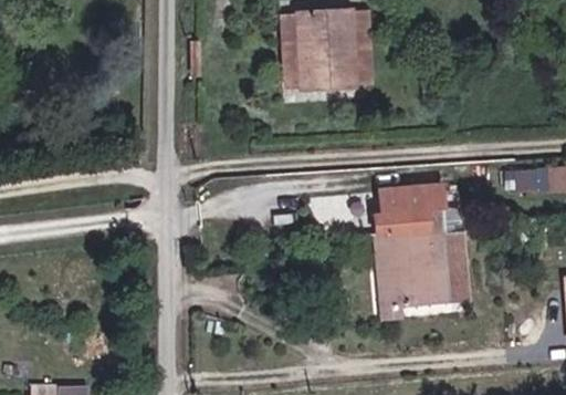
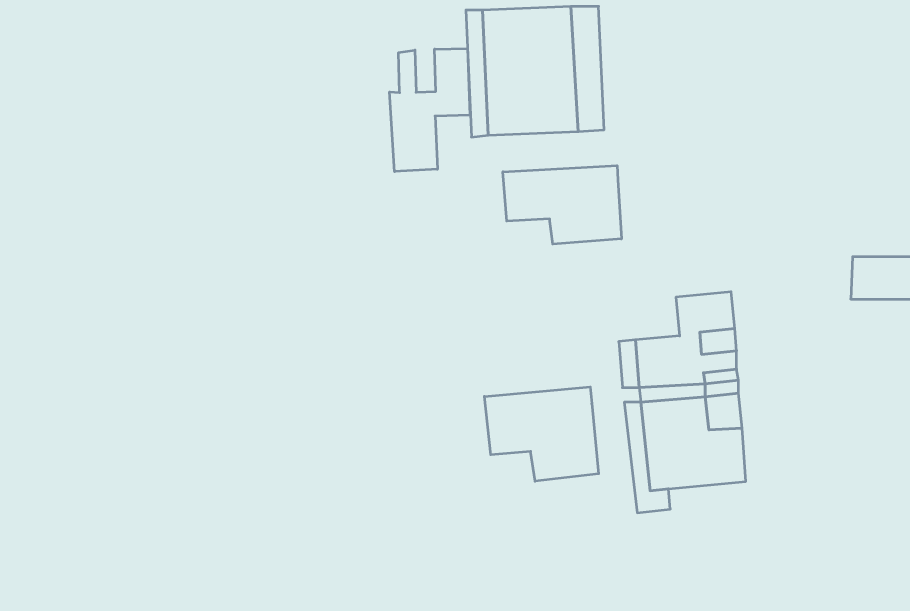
building: none -> [390,48,470,172]
building: none -> [503,166,621,244]
building: none -> [484,387,599,481]

